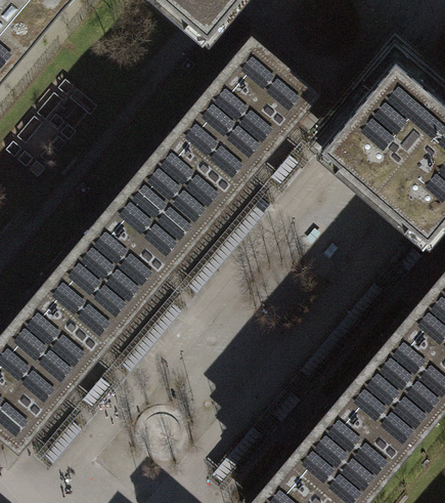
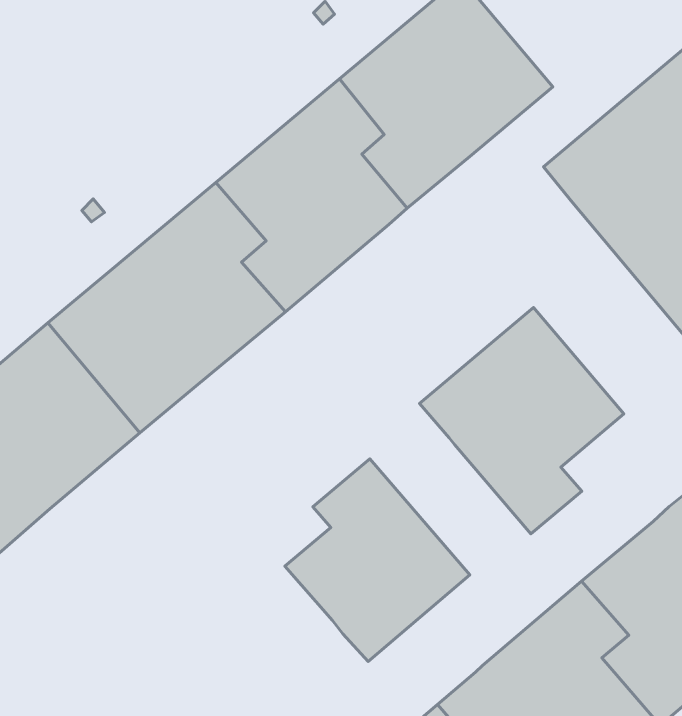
building: none -> [420,307,624,534]
building: none -> [285,459,470,662]

